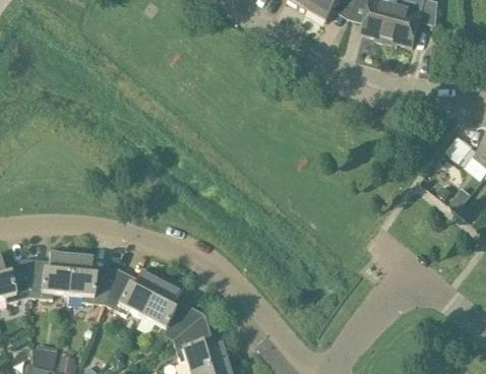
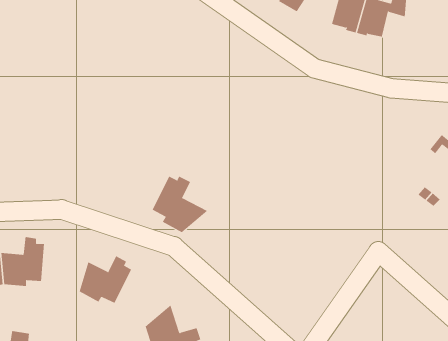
building: [66,250,113,303] -> none
building: [140,280,197,338] -> [152,176,208,233]

